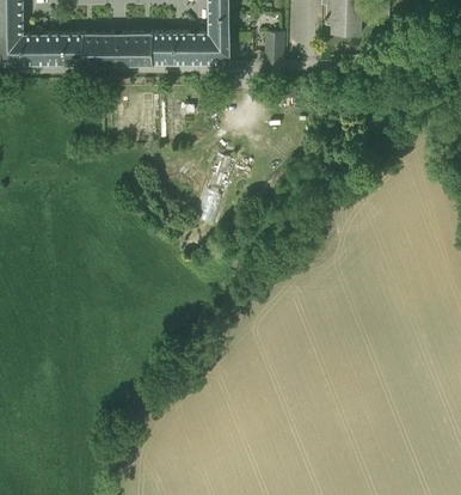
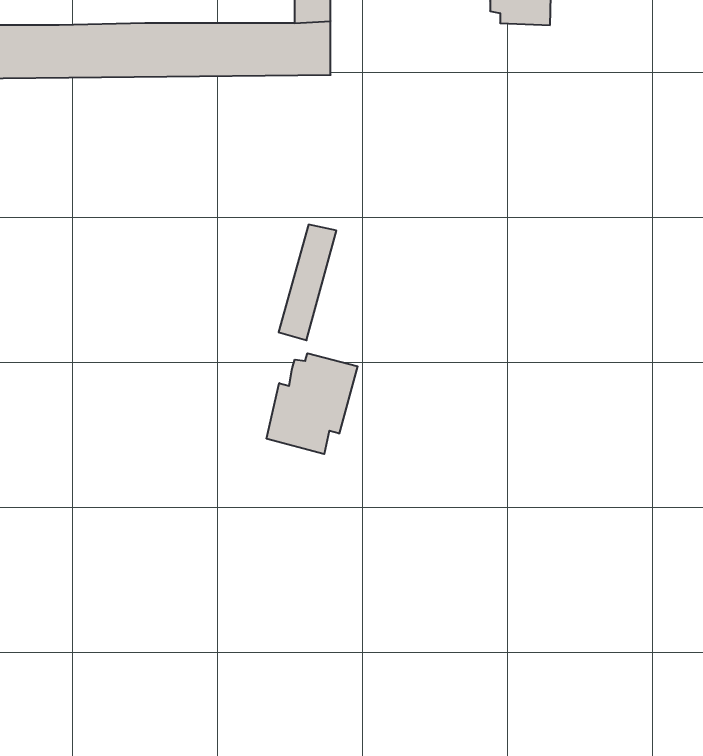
building: [264,31,283,63] -> none
building: none -> [267,353,358,454]

